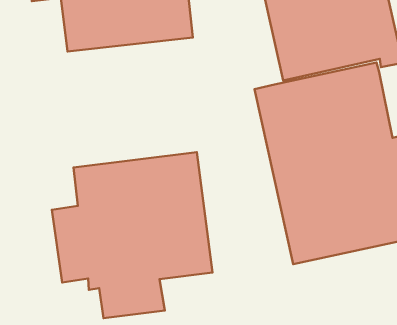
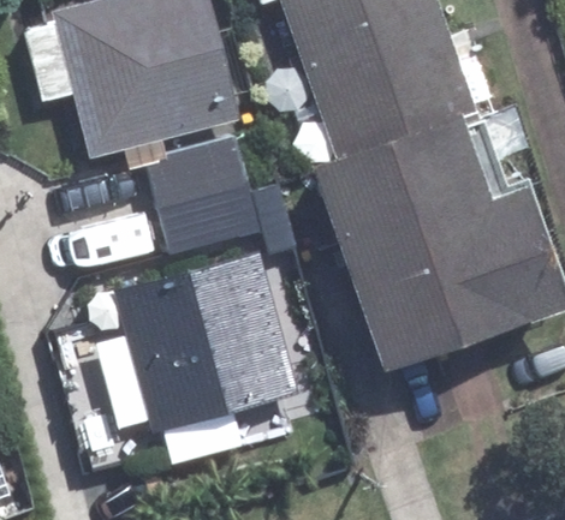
building: none -> [153,141,285,250]

